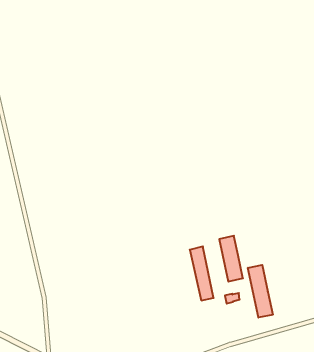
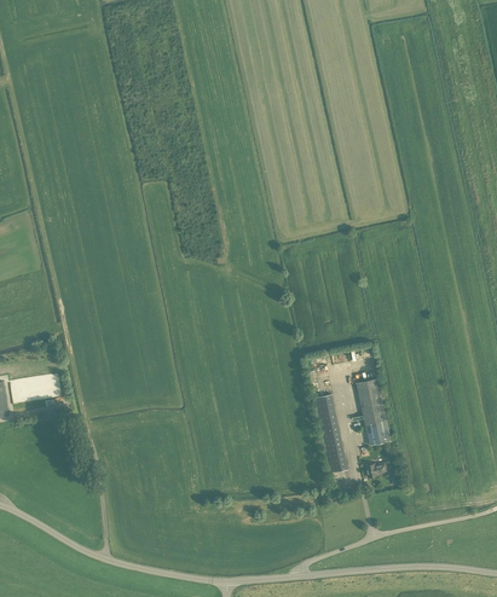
building: [248,265,273,318] -> none

